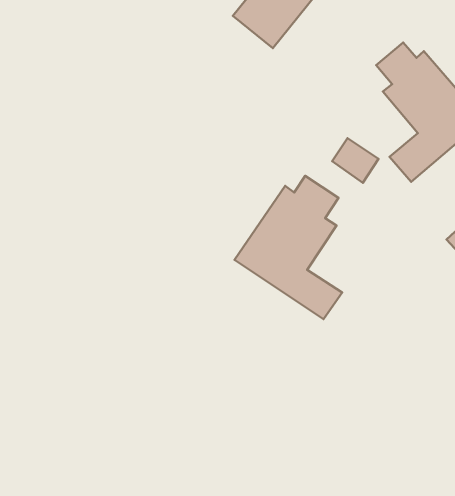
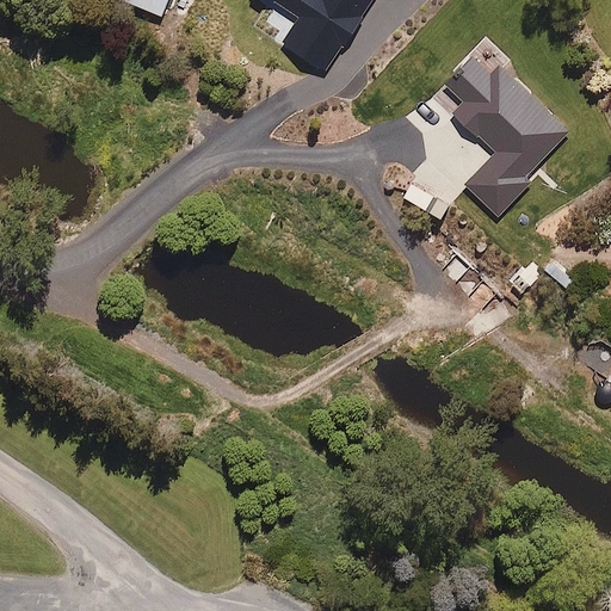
building: [235,176,342,319] -> none

